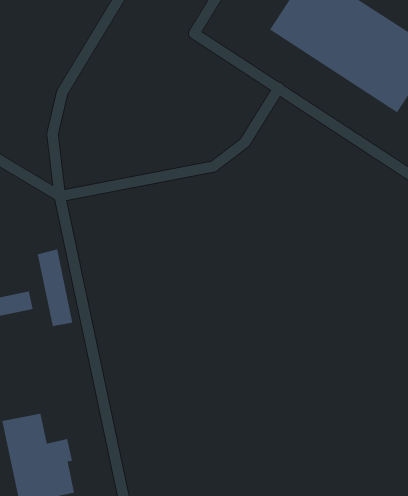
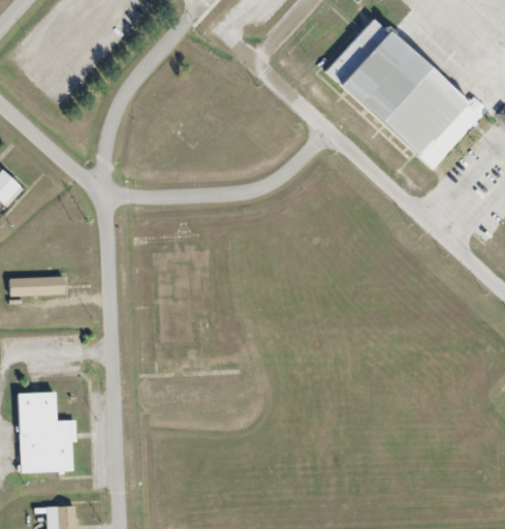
building: [37,249,73,327] -> none

